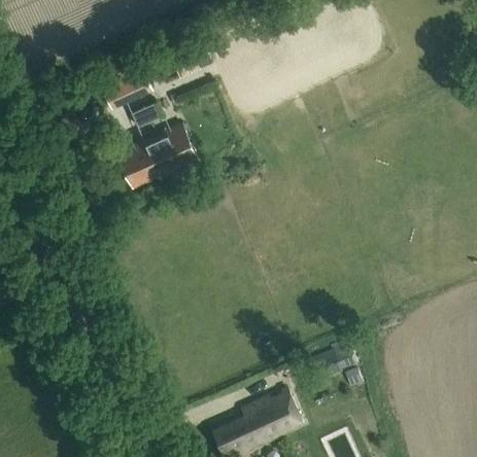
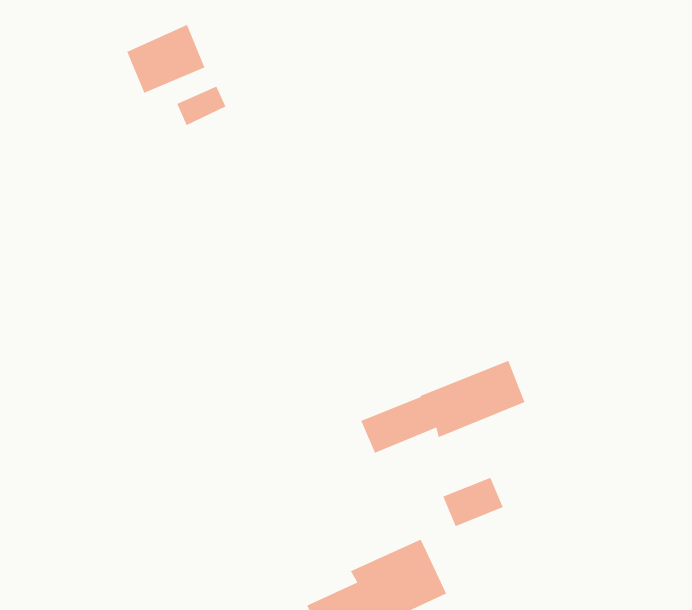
building: [118,124,198,185] -> none
building: none -> [360,360,526,454]

